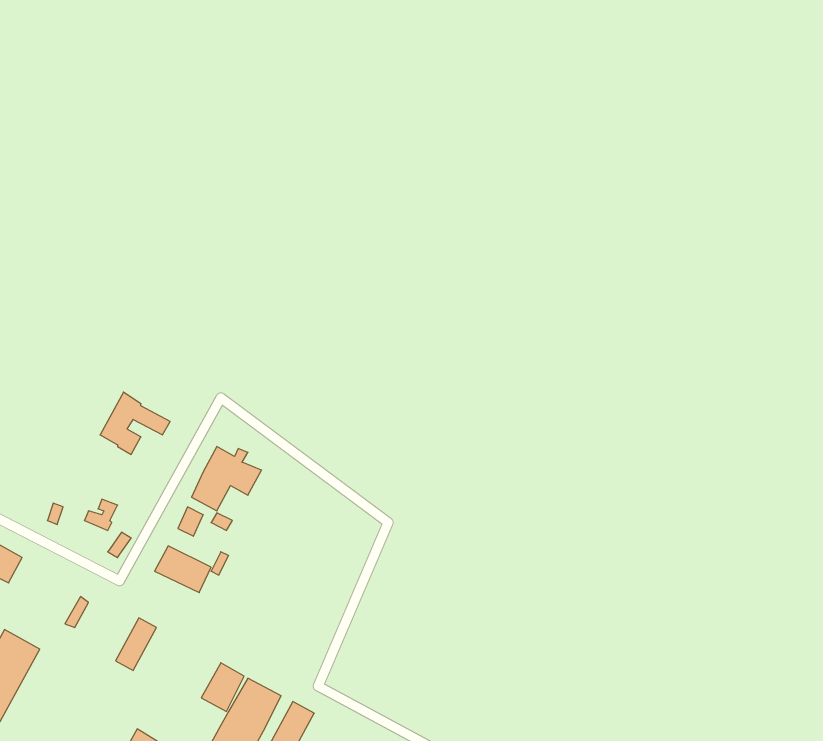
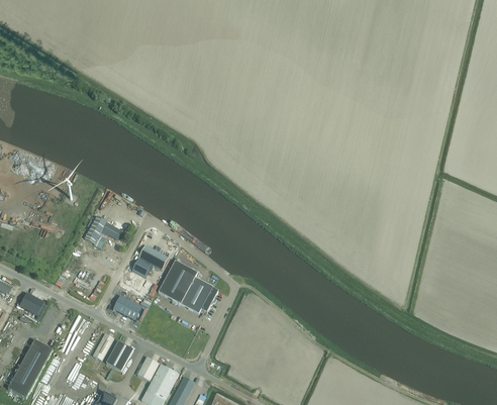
building: none -> [158,261,217,313]
building: none -> [105,340,132,372]

